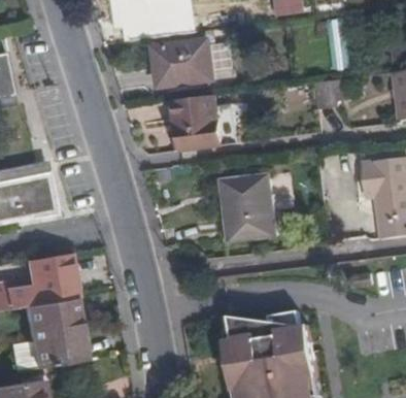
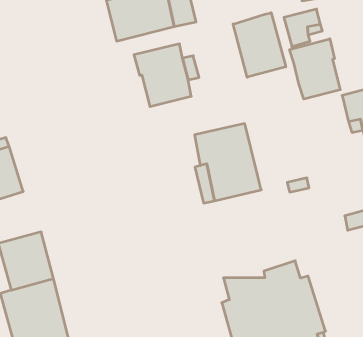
building: none -> [233,13,286,77]
building: none -> [290,39,340,99]

